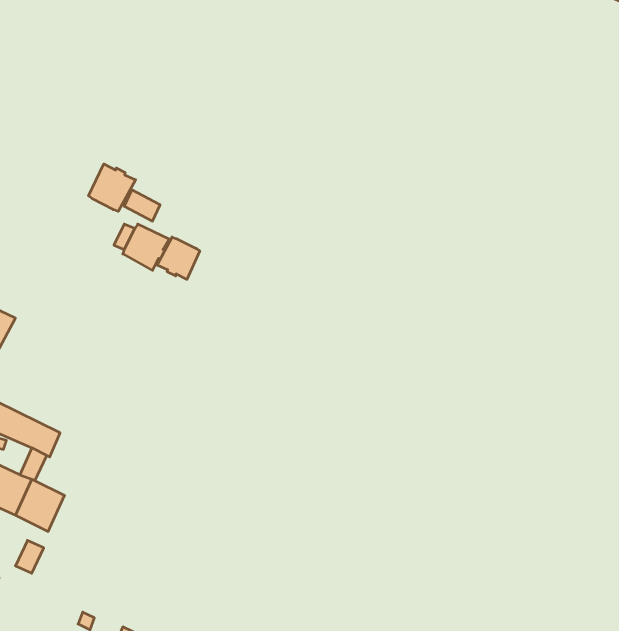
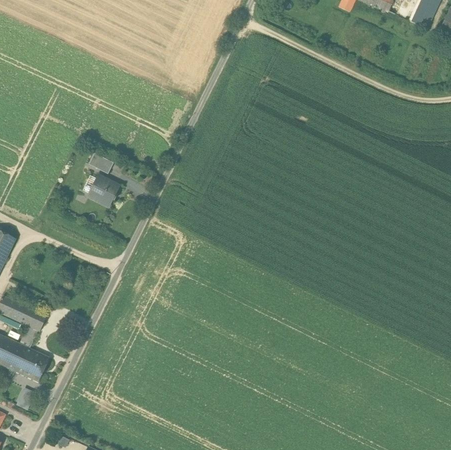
building: [89,164,136,211] -> none
building: [157,237,200,279] -> none

